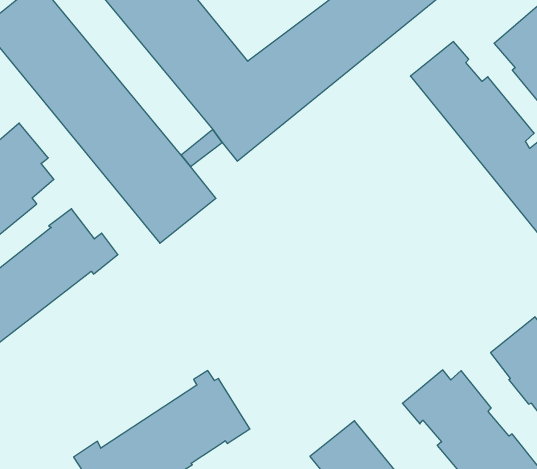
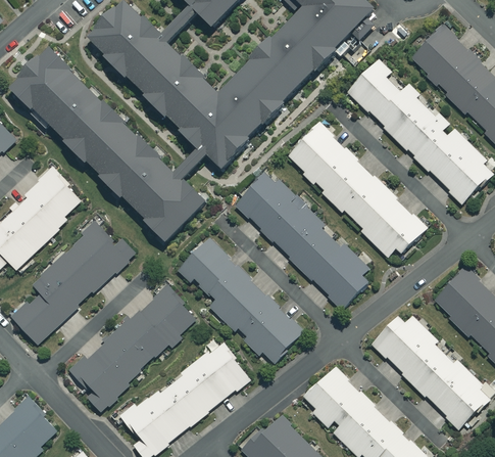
building: none -> [287,123,426,257]
building: none -> [234,172,368,310]
building: none -> [175,234,303,364]
building: none -> [69,285,196,411]

